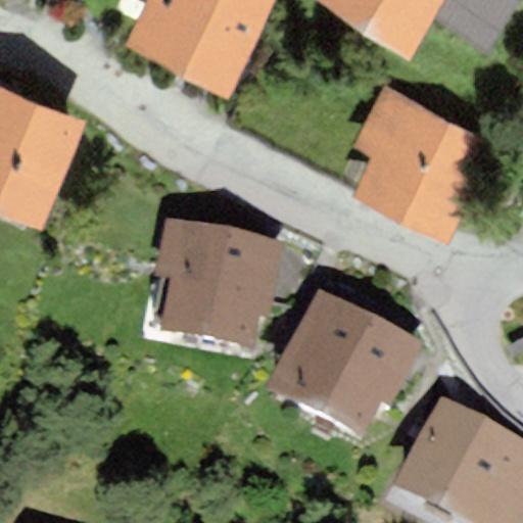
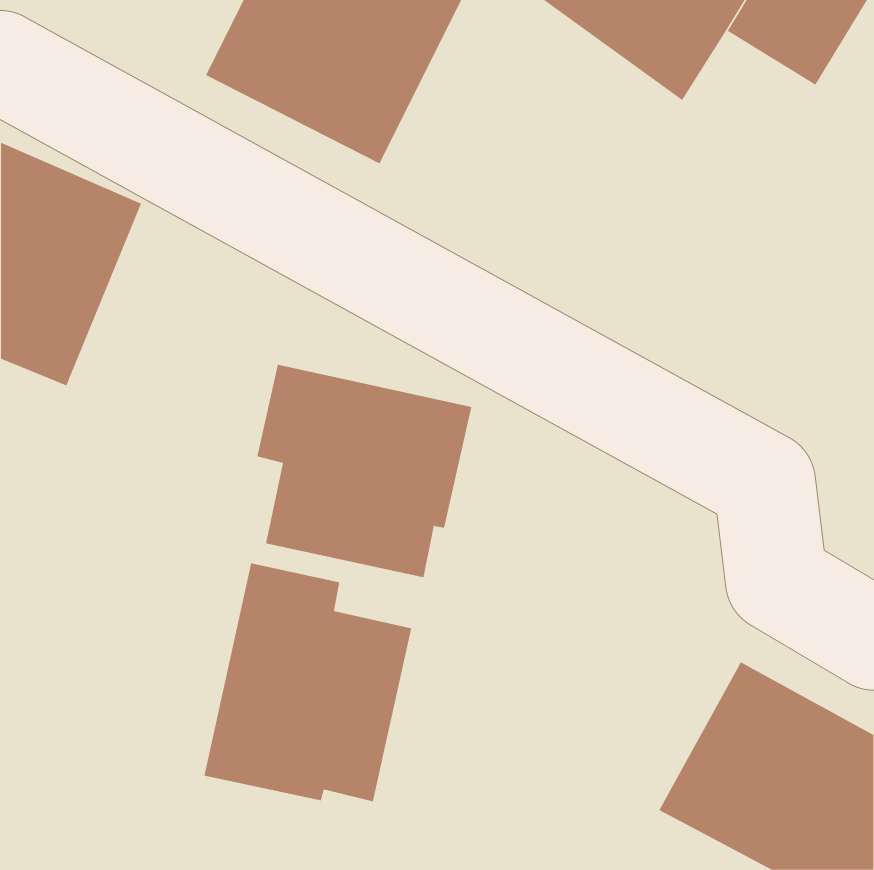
building: [352,86,496,244] -> none
building: [267,288,424,434] -> none
building: none -> [204,563,412,802]

